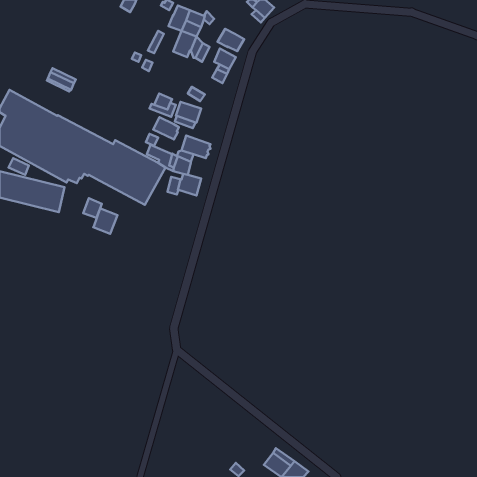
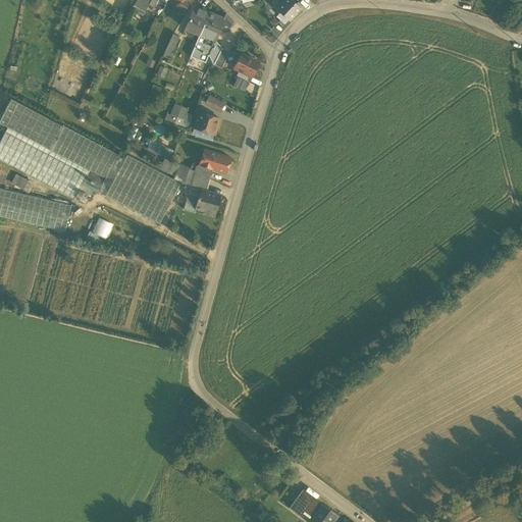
building: [217,29,244,51] -> none
building: [153,117,179,140] -> none
building: [93,209,118,234] -> none

